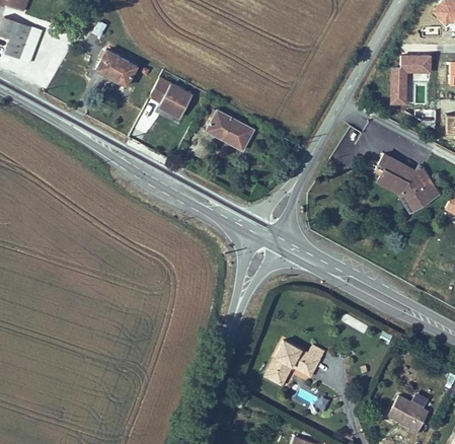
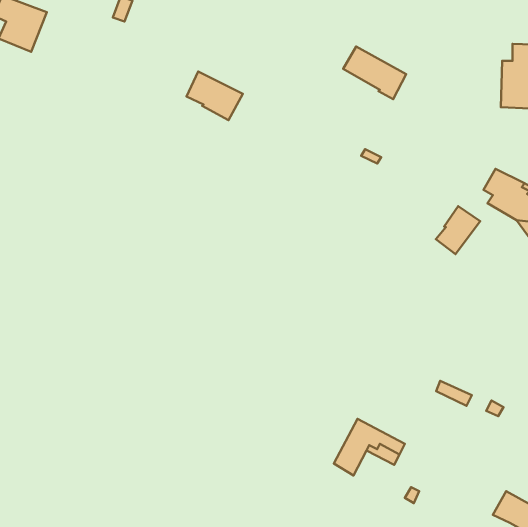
building: [97,50,137,83] -> none
building: [207,110,255,151] -> [343,46,406,99]
building: none -> [436,206,480,254]

